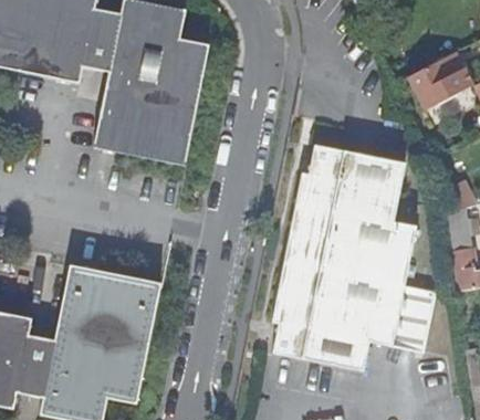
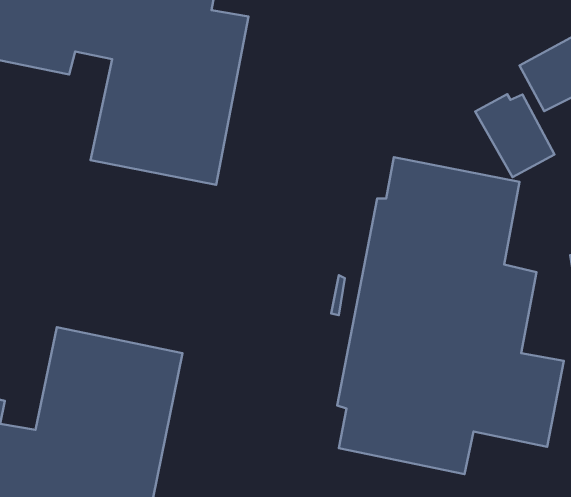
building: none -> [475,94,554,177]

